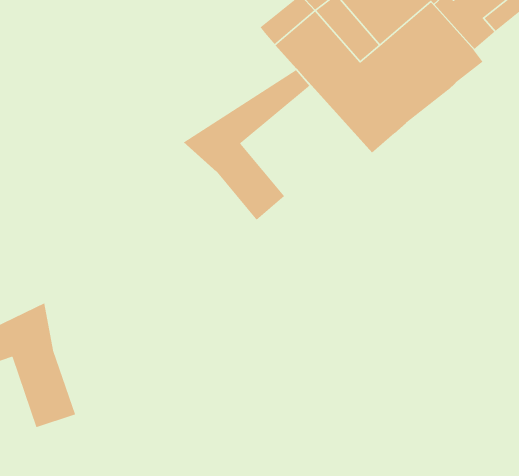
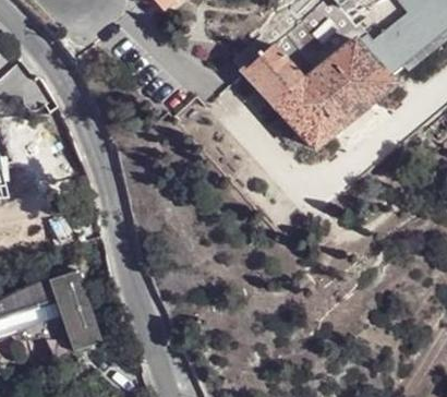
building: [183,69,310,221] -> none

